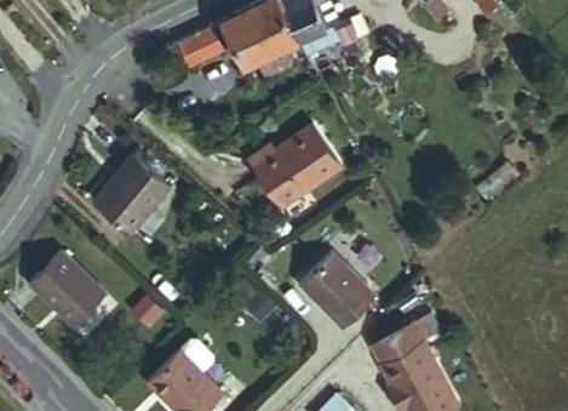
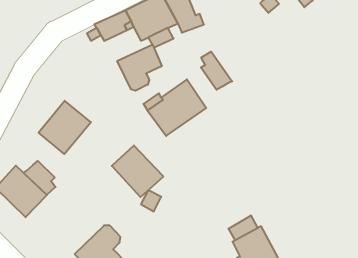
building: none -> [117,45,162,91]
building: none -> [201,52,232,90]
building: none -> [24,161,56,195]
building: [300,251,377,327] -> [112,145,163,197]

